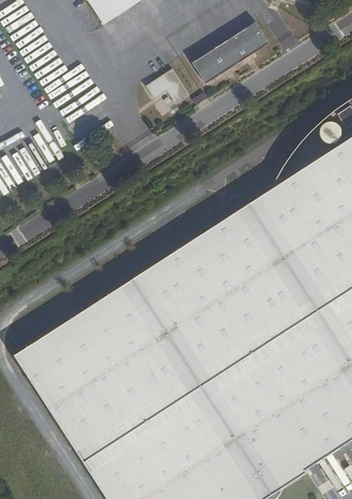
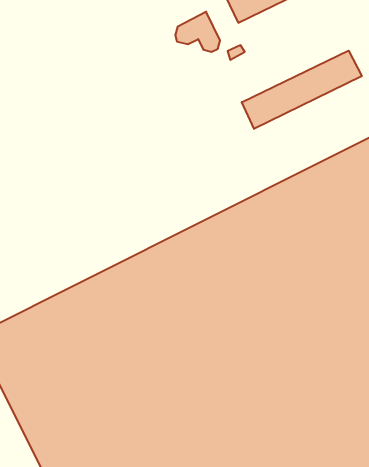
building: none -> [242,51,362,129]

